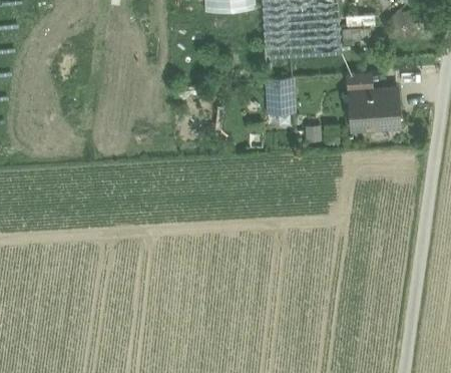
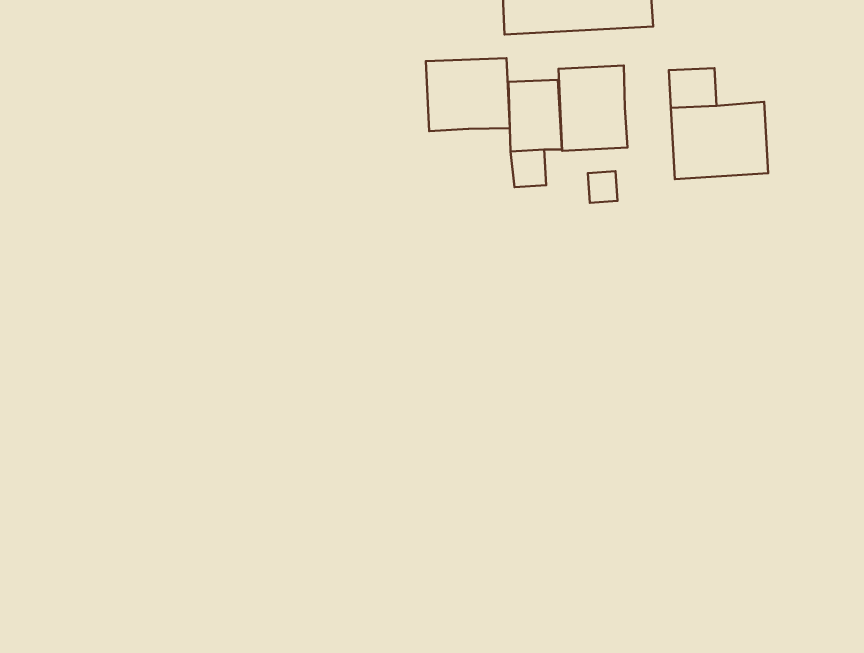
building: none -> [426,58,510,131]
building: none -> [558,66,627,151]

